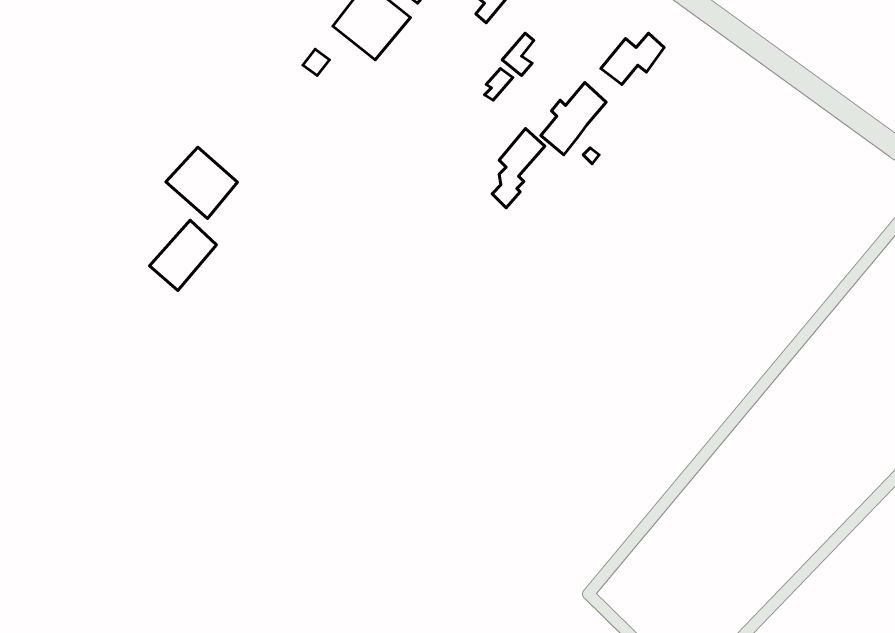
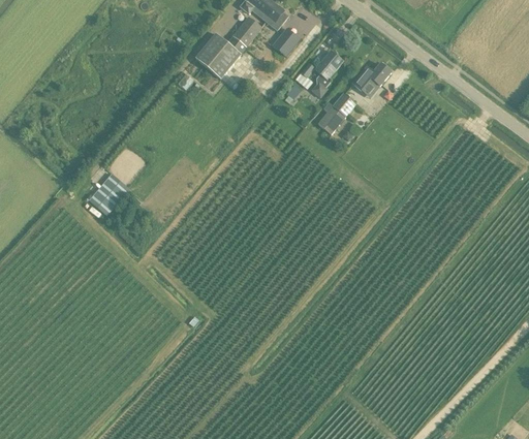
building: [492,128,545,208] -> [311,51,342,97]
building: [166,147,238,218] -> none

